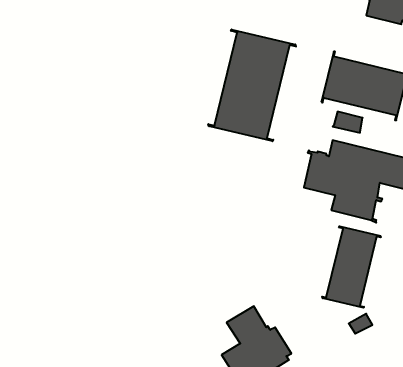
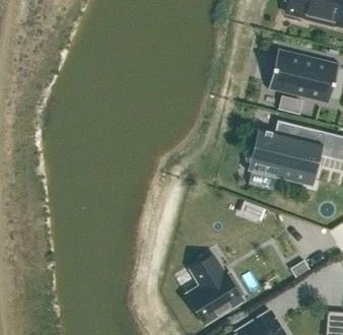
building: [208,29,296,141] -> none
building: [322,226,381,308] -> none

